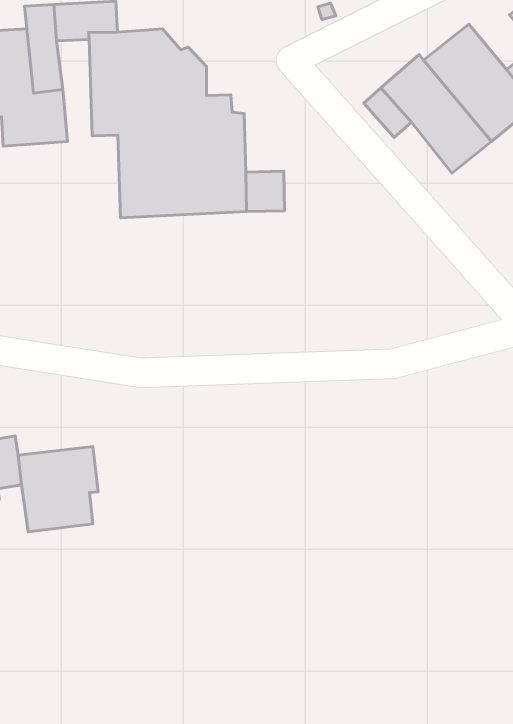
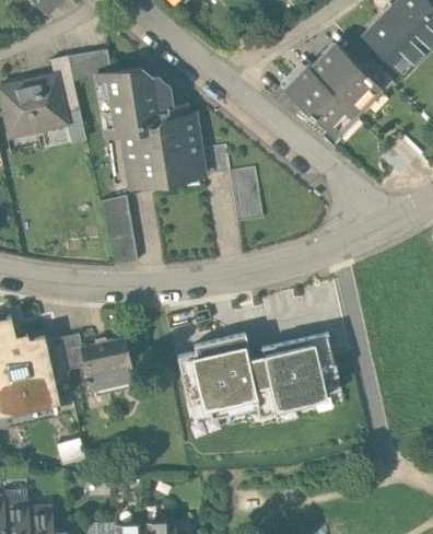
building: none -> [231,169,265,223]
building: none -> [102,197,139,267]
building: none -> [178,333,346,422]

